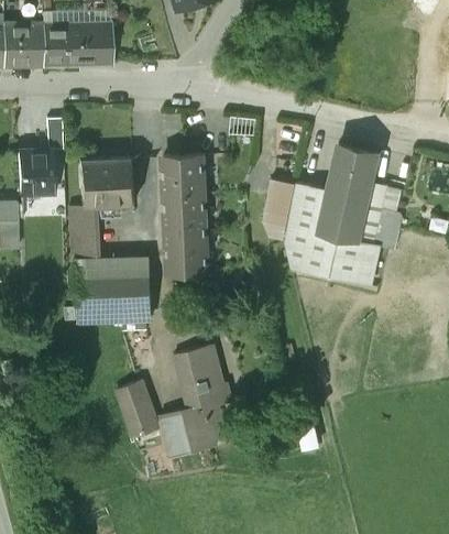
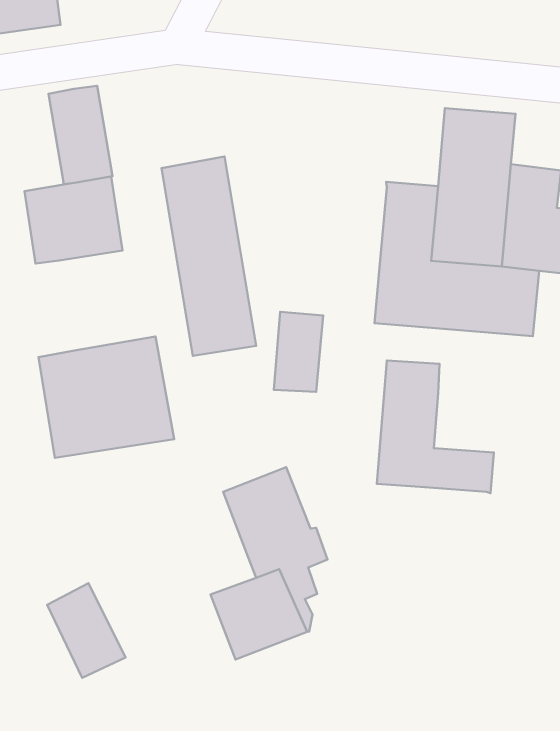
building: [262,181,297,231] -> [274,312,323,392]
building: [66,205,98,261] -> [49,86,113,184]
building: none -> [377,360,494,493]
building: [117,382,160,438] -> [47,583,126,678]

